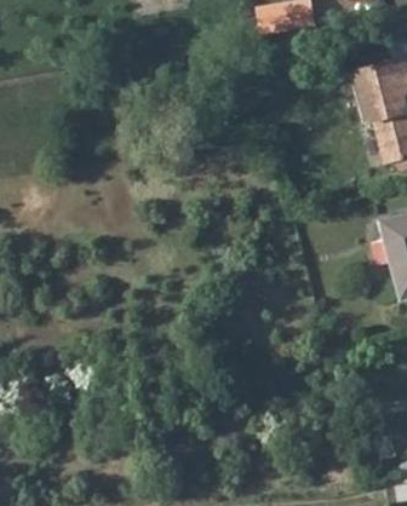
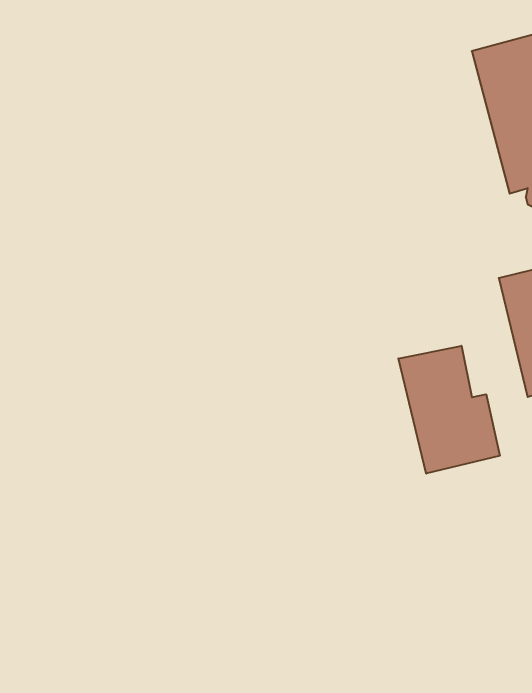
building: none -> [398,346,500,474]

